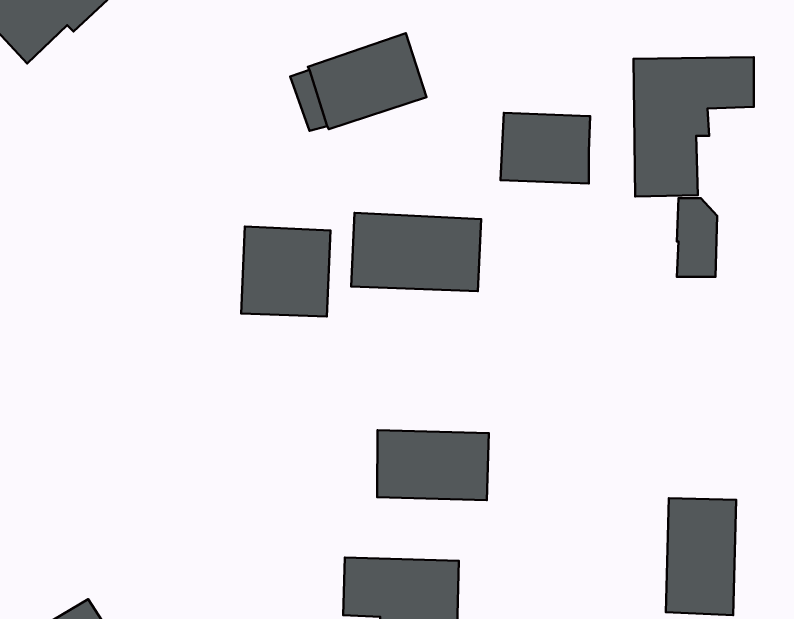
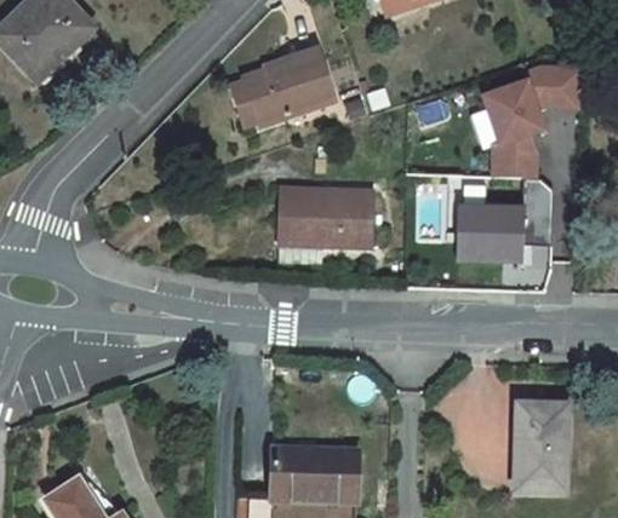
building: [500,113,590,183] -> [456,207,523,260]
building: [241,227,330,316] -> none
building: [377,430,489,500] -> none

